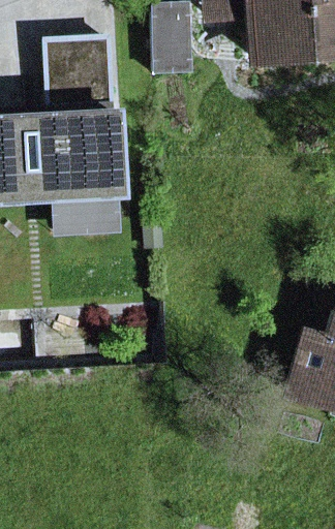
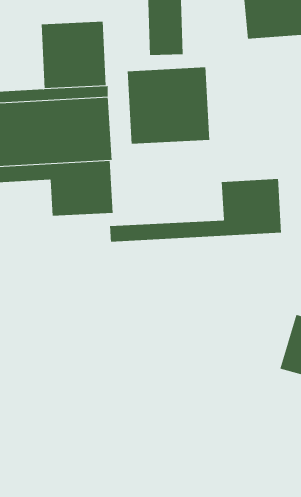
building: none -> [127,67,210,145]
building: none -> [110,178,282,243]

